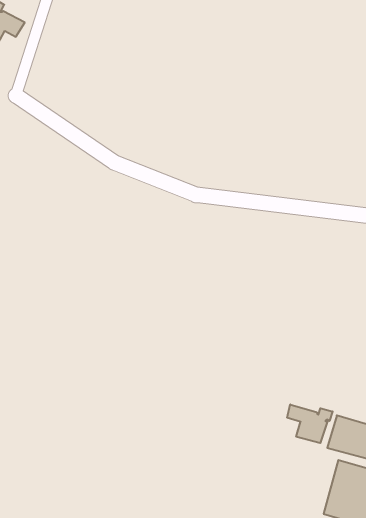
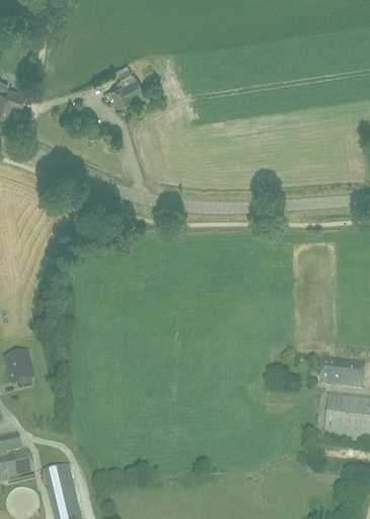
building: none -> [109,68,142,107]
building: [287,404,333,443] -> none

